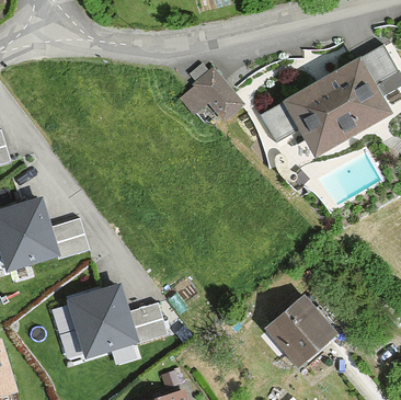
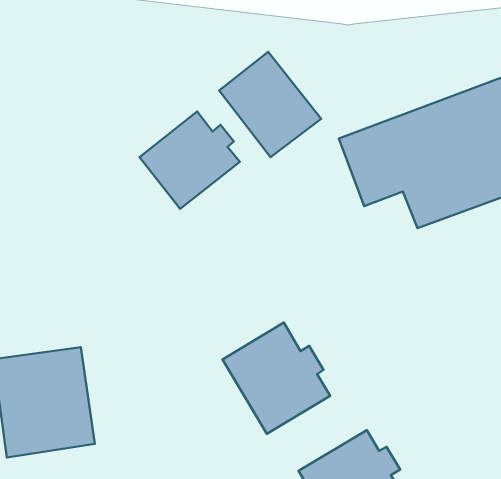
building: none -> [140,111,240,209]
building: none -> [223,322,330,434]

